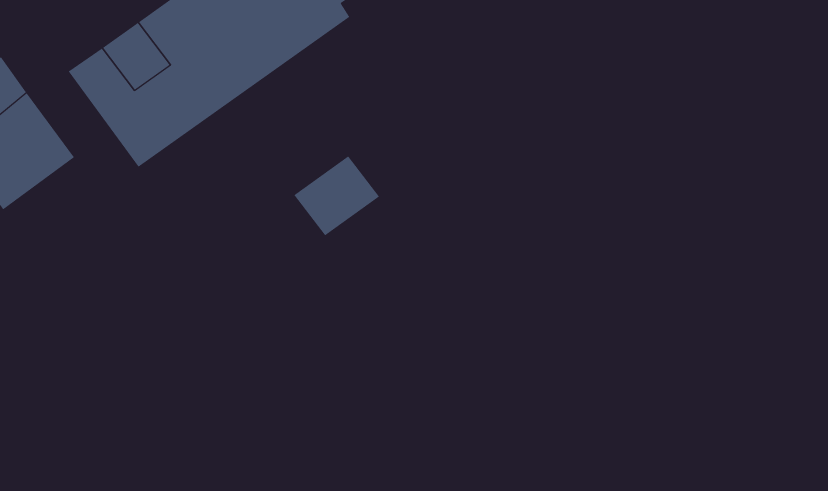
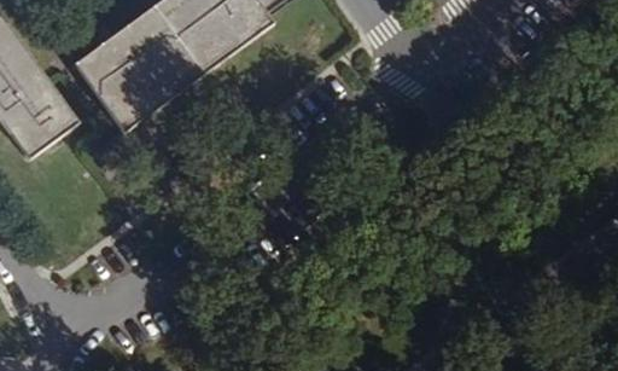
building: [293,156,380,236] -> none

